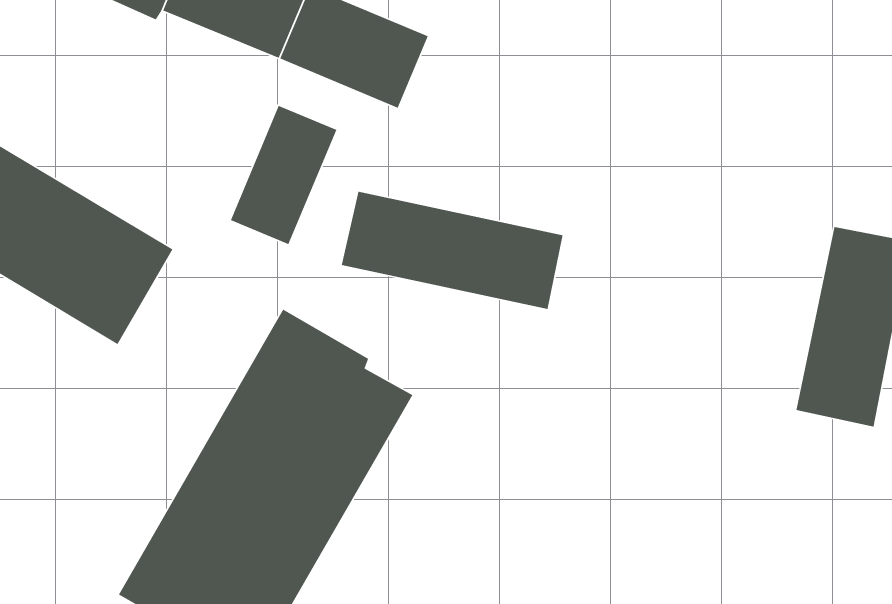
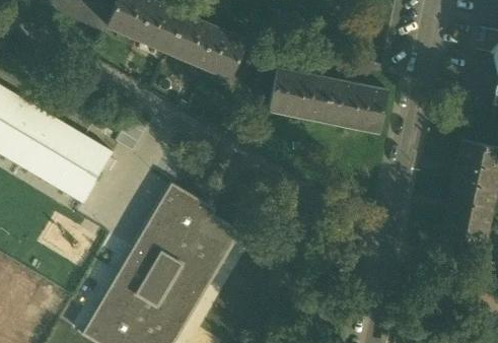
building: [230,105,337,245] -> none
building: [341,191,563,310] -> [270,68,387,131]

